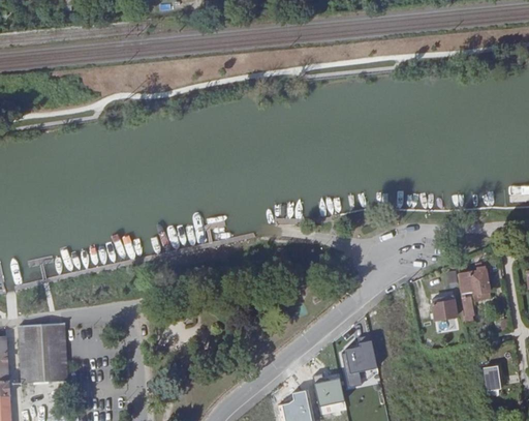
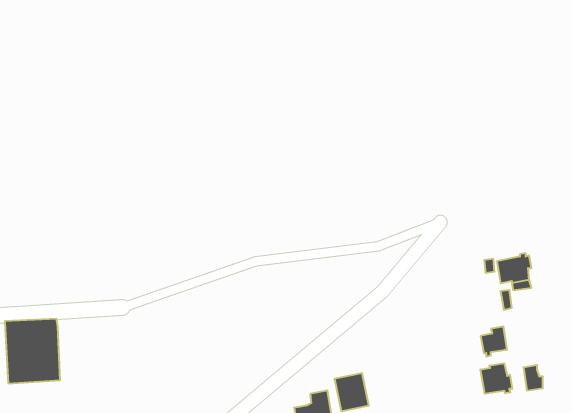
building: [432,295,456,322] -> [481,327,507,357]
building: [341,338,378,388] -> none
building: none -> [480,363,512,394]

